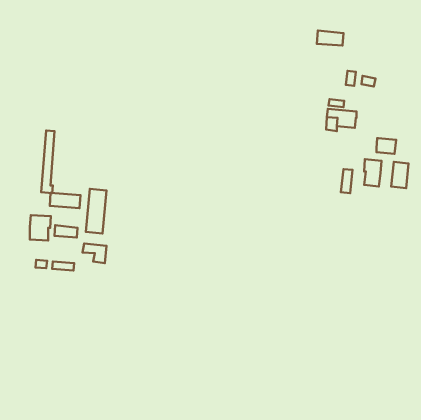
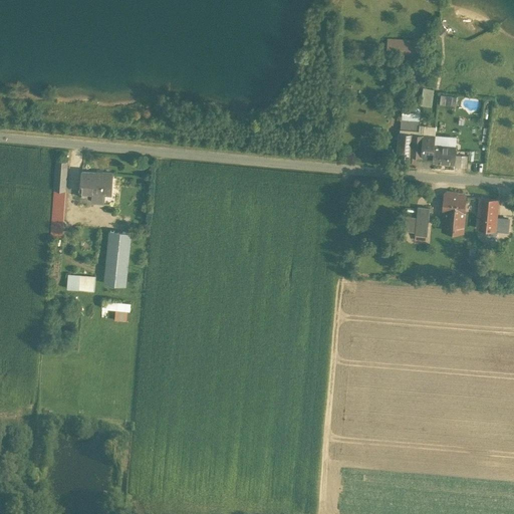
building: [376,138,396,154] -> [432,146,456,165]
building: none -> [80,173,111,195]
building: [50,193,80,208] -> none
building: [30,215,51,240] -> none

